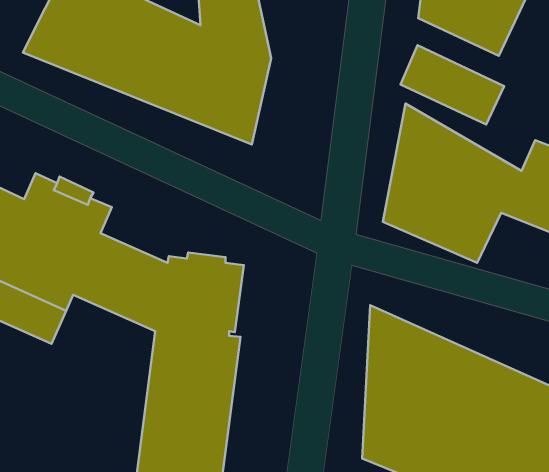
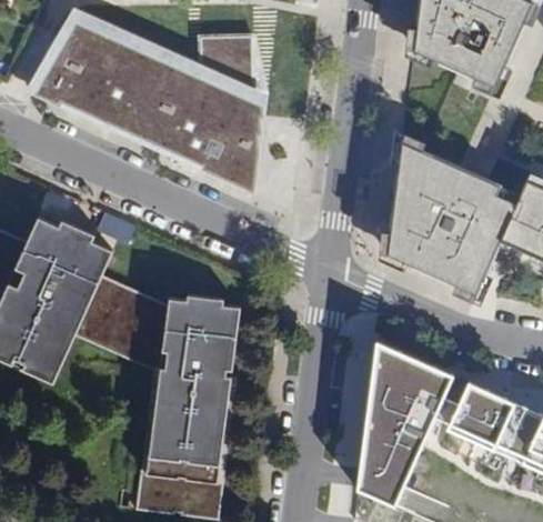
building: [400,45,504,124] -> none

